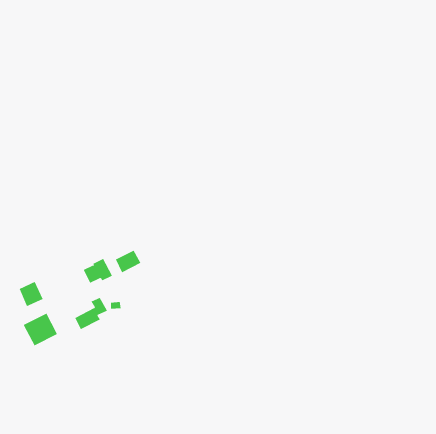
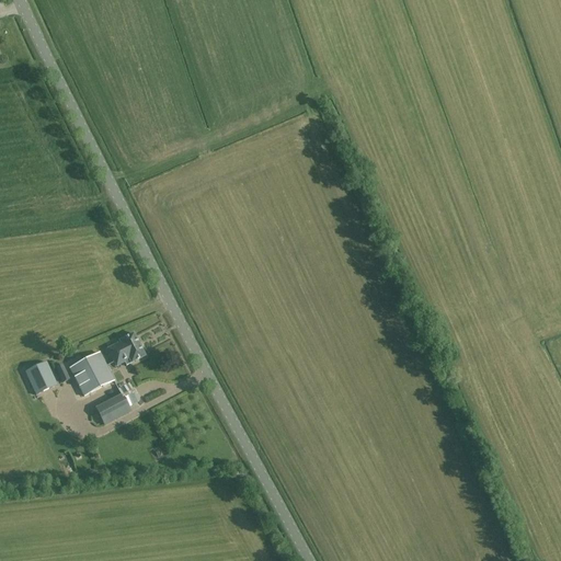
building: [115,250,141,273] -> none
building: [23,313,58,346] -> [68,352,113,394]

